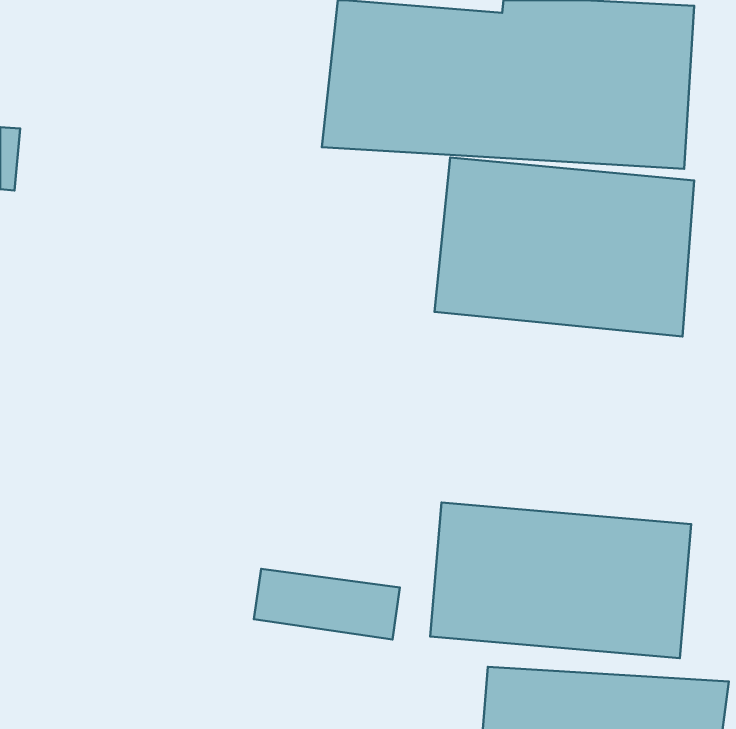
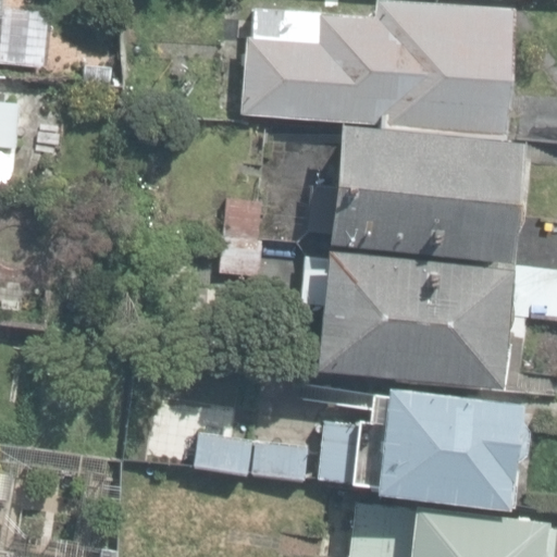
building: none -> [315,252,513,392]

